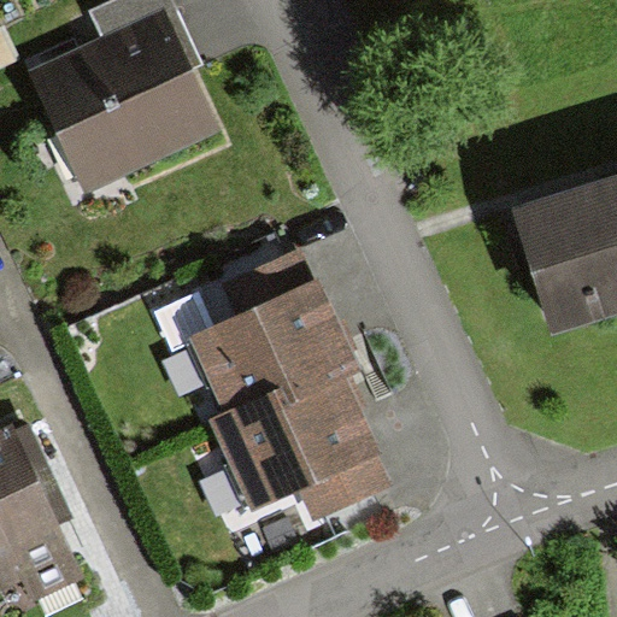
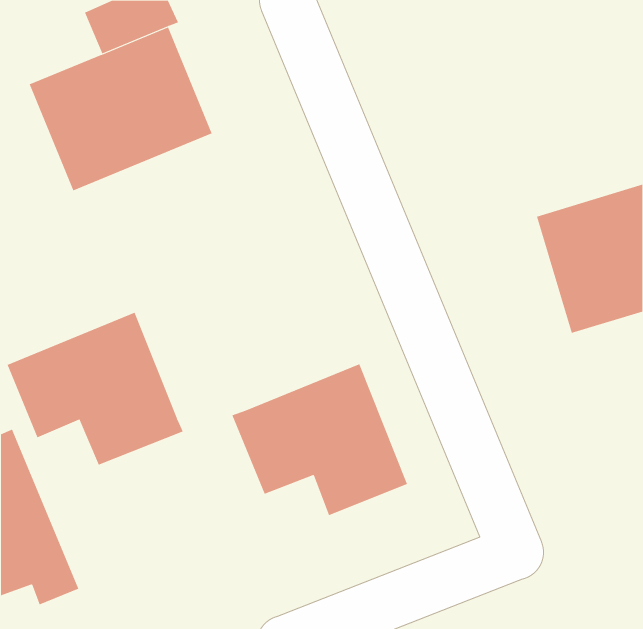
building: [204,242,357,406] -> none
building: none -> [7,312,183,466]

